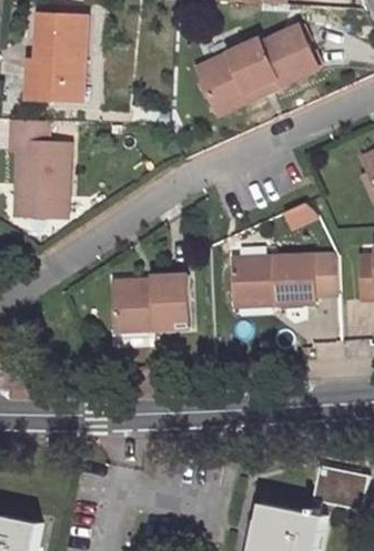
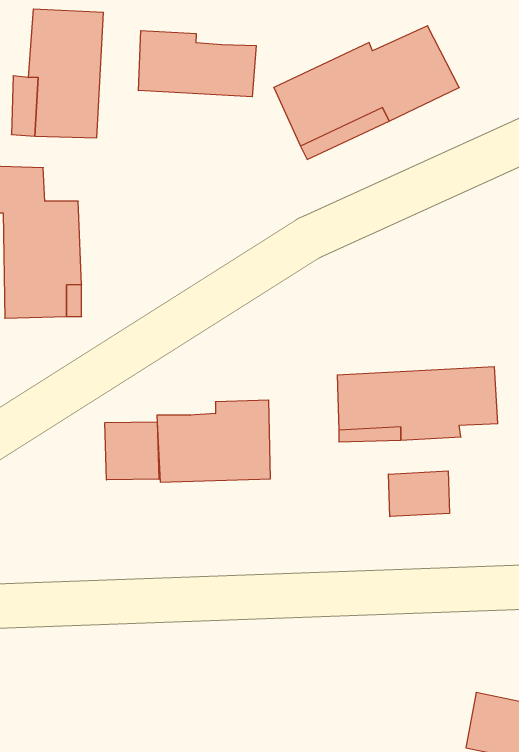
building: none -> [138,31,256,97]
building: none -> [105,422,159,480]
building: none -> [389,471,449,517]

